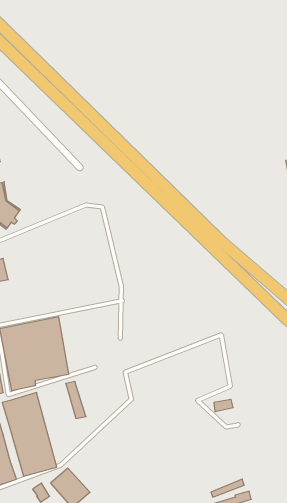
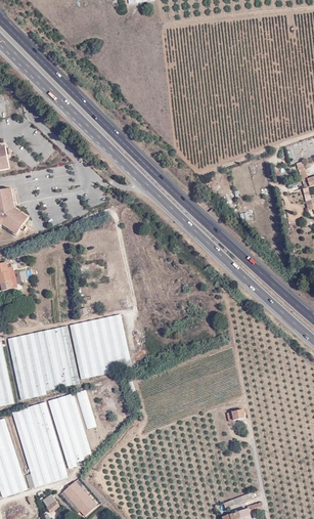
building: none -> [70,313,131,379]
building: none -> [47,392,89,468]

